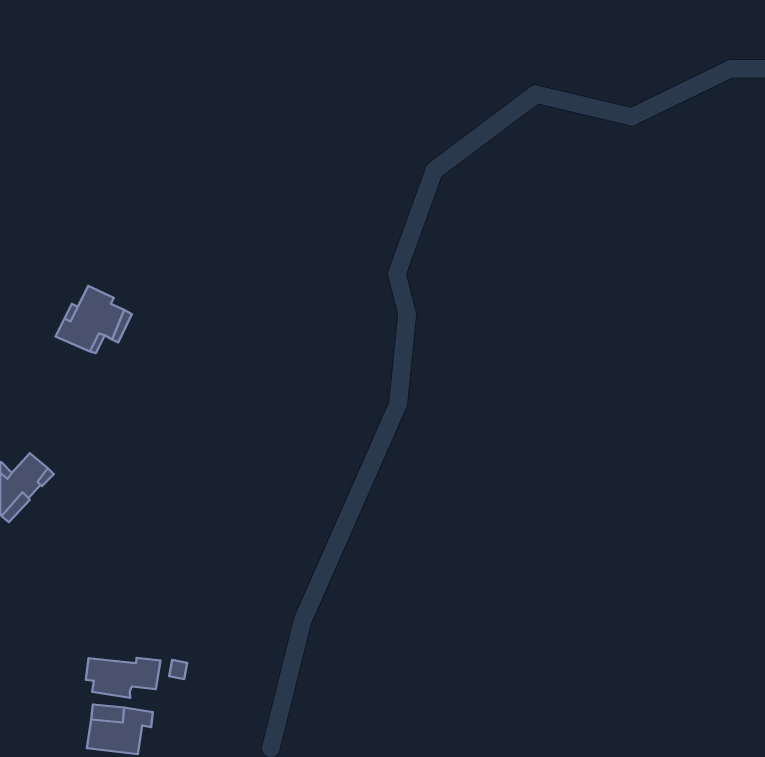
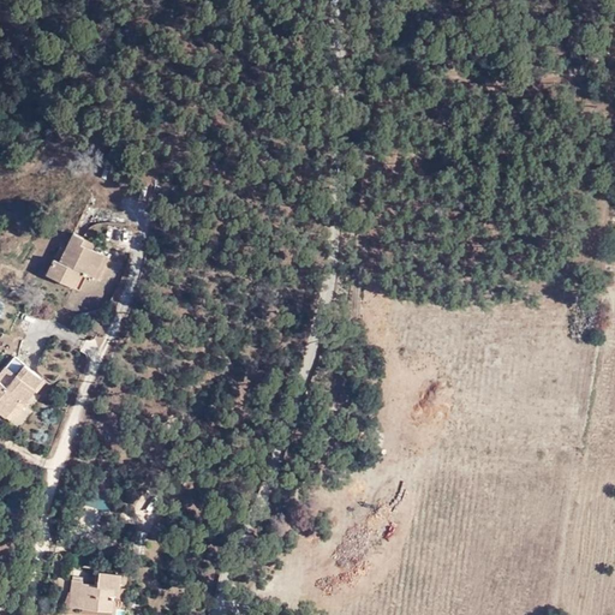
building: [86,658,161,698] -> none

